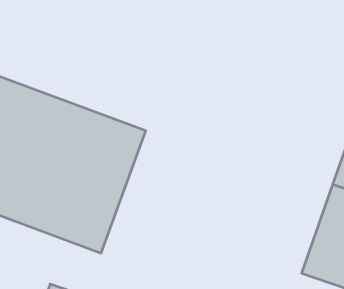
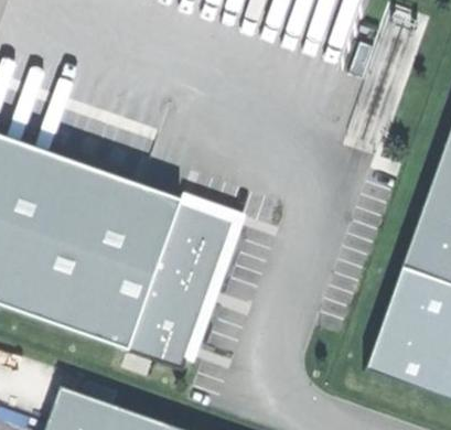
building: none -> [124,200,233,367]

